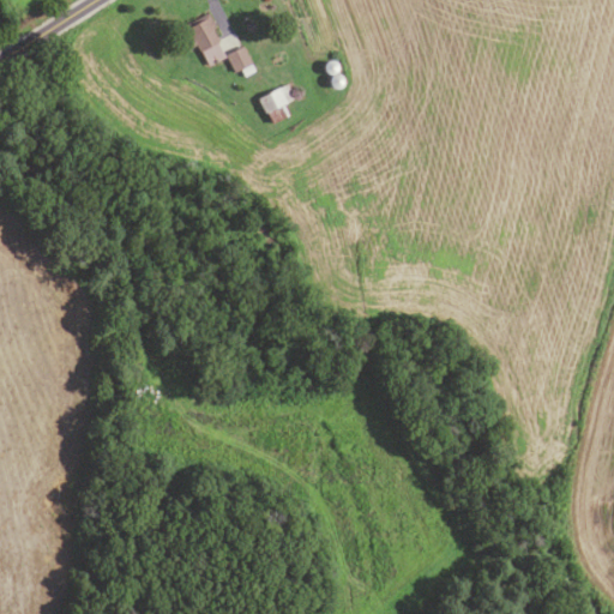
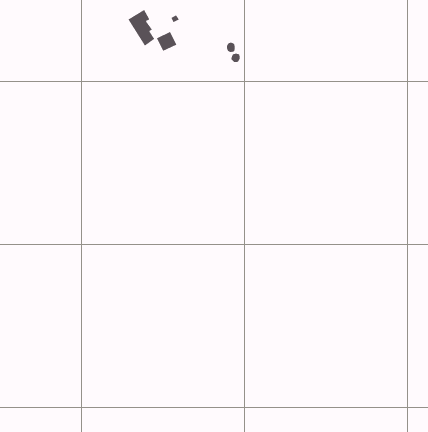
building: [257,84,296,126] -> none

